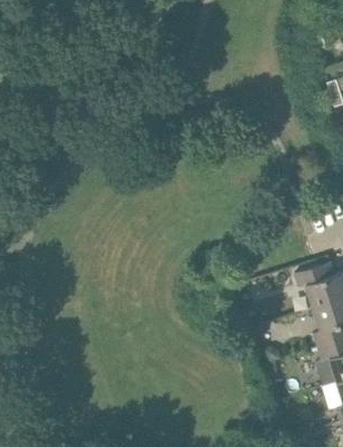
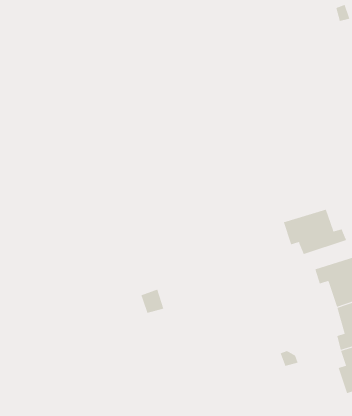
building: none -> [283,209,347,255]

